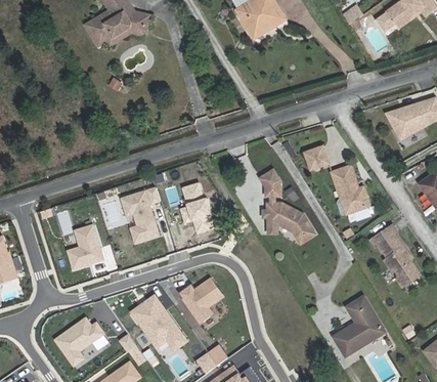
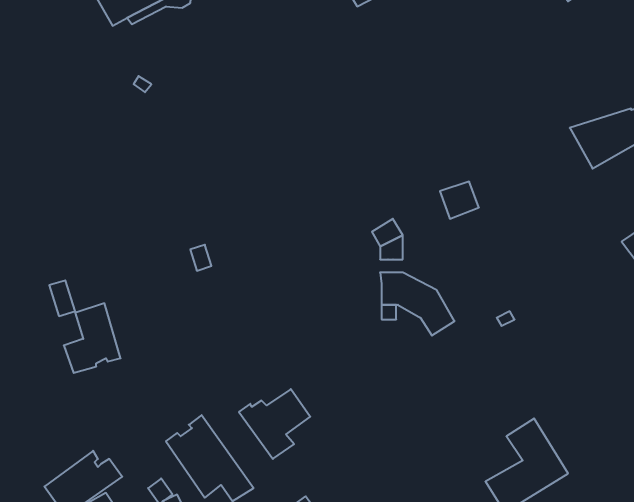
building: [331,165,369,212] -> none
building: [180,182,213,231] -> none
building: [121,190,158,242] -> none
building: [369,230,421,288] -> none

